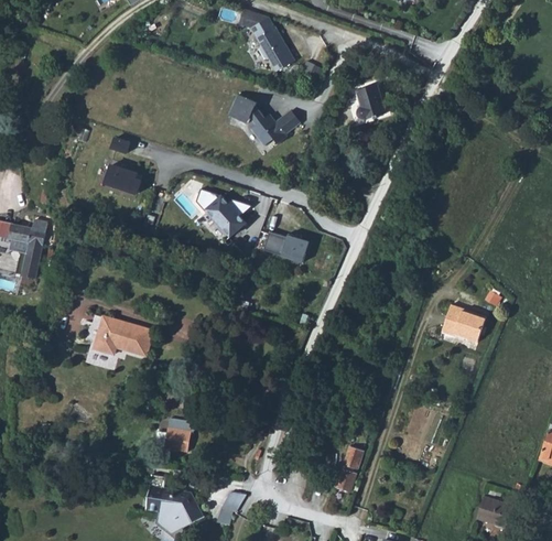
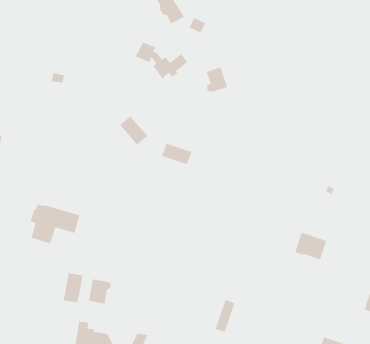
building: [355,85,385,119] -> [206,67,228,92]
building: [102,163,140,192] -> none
building: [441,304,485,343] -> [295,232,327,260]
building: none -> [63,272,83,303]

